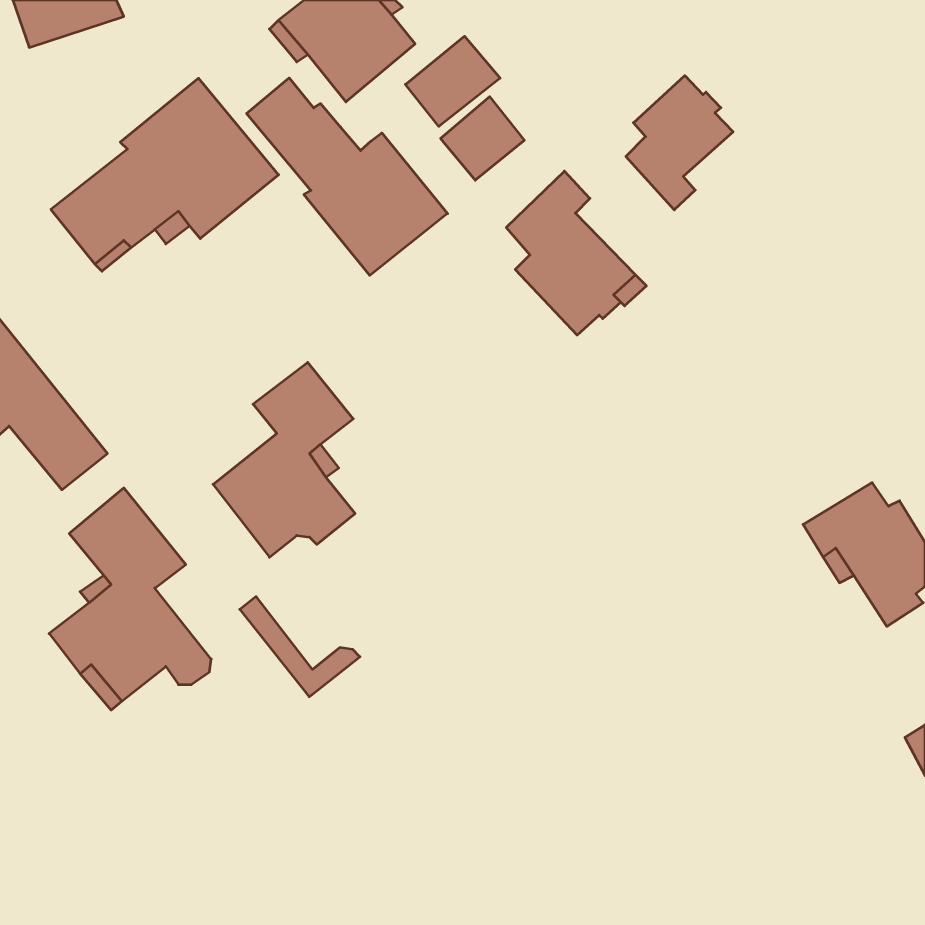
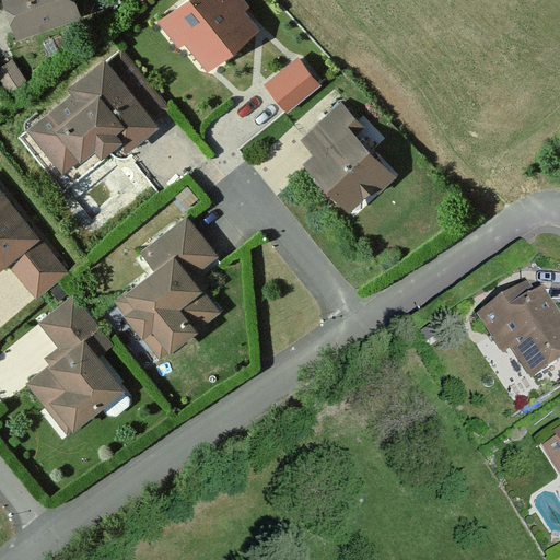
building: [405,36,500,126] -> none
building: [626,76,733,210] -> none
building: [247,78,448,275] -> none
building: [240,597,360,697] -> [118,294,190,354]

